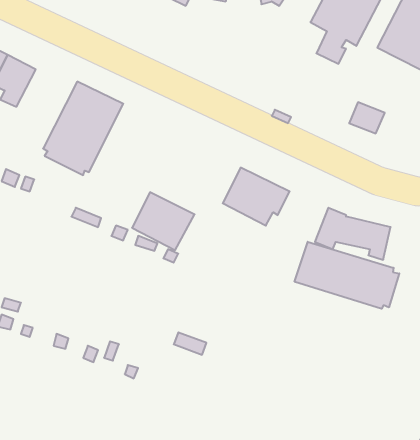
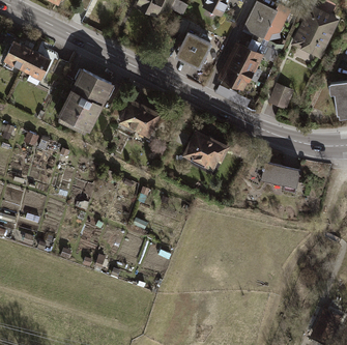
building: none -> [174,29,211,67]
building: none -> [222,45,263,91]
building: [132,192,195,250] -> [118,97,162,138]
building: [295,242,399,309] -> none

